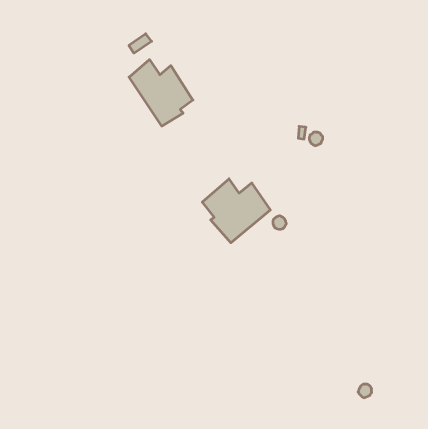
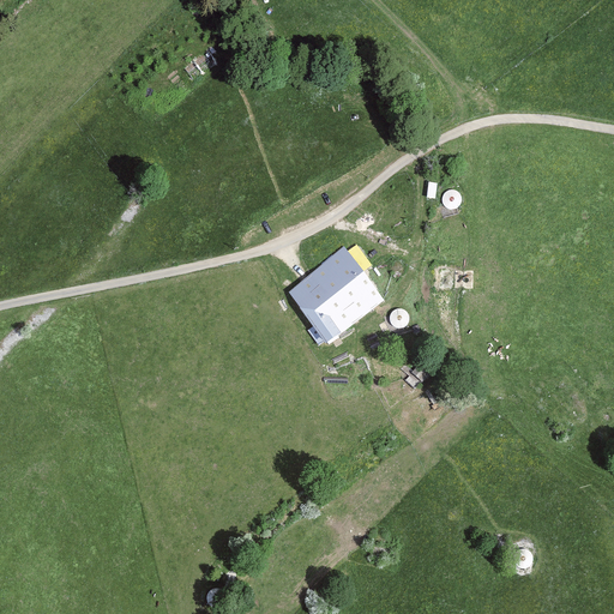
building: [129,60,193,126] -> none

